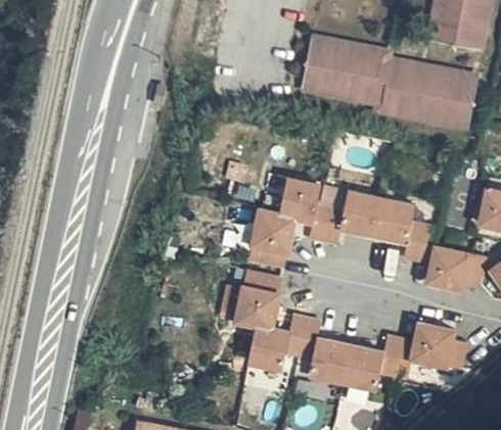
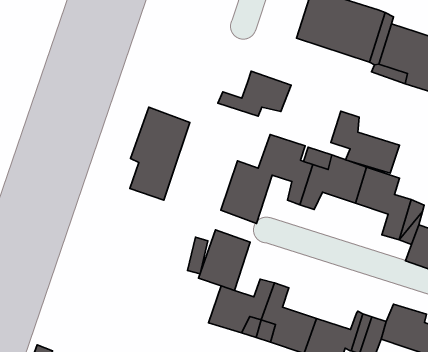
building: none -> [218,71,291,116]
building: none -> [331,111,399,173]
building: none -> [130,107,190,200]

